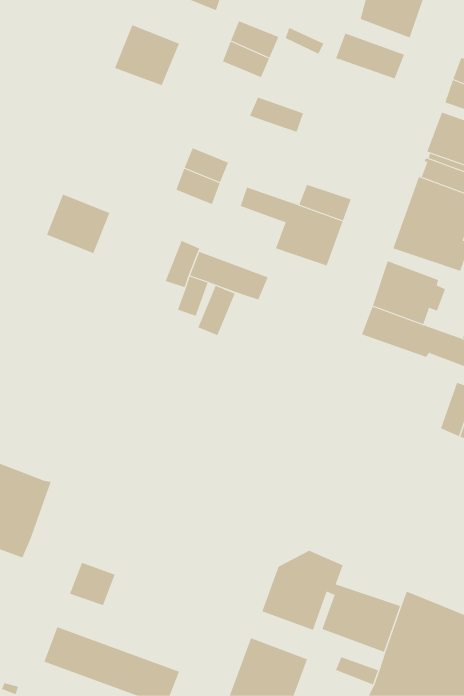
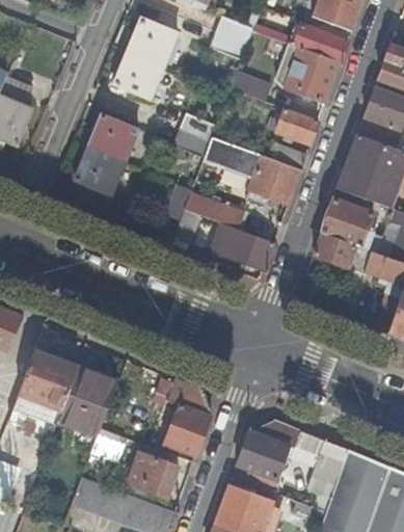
building: none -> [282,46,341,102]
building: none -> [114,52,163,97]
building: none -> [268,108,319,142]
building: none -> [87,114,137,162]
building: none -> [211,223,274,269]
building: none -> [63,367,119,425]
building: none -> [159,378,213,455]
building: none -> [132,457,179,497]

